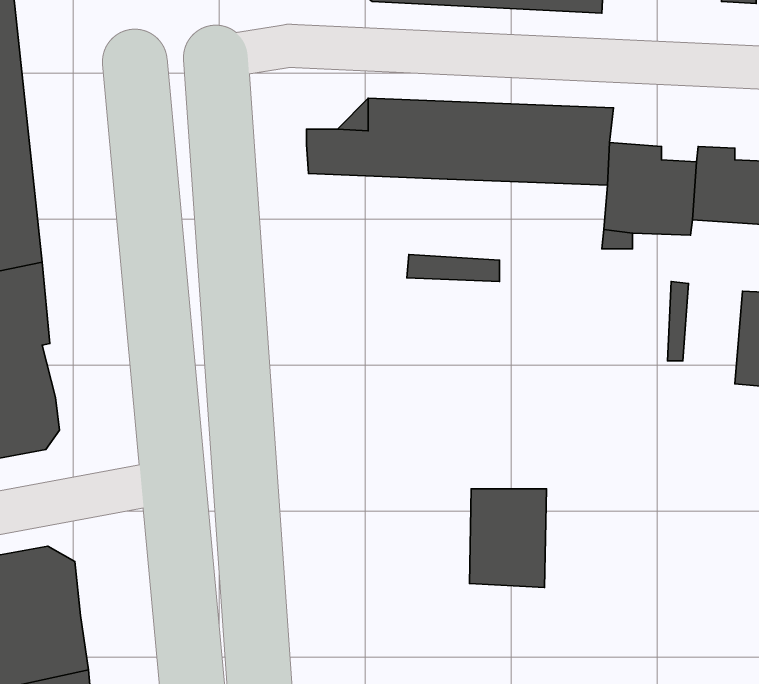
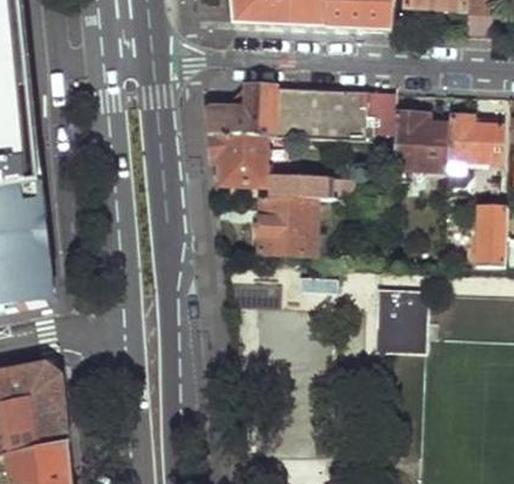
building: none -> [206,130,293,183]
building: none -> [255,197,313,254]
building: [469,489,547,587] -> [373,288,421,349]

